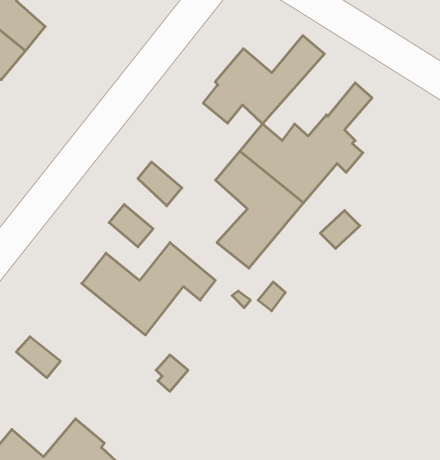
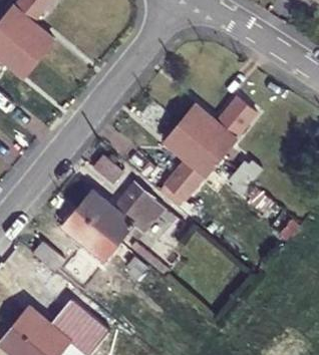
building: [203,36,324,124] -> none
building: none -> [62,210,117,286]

